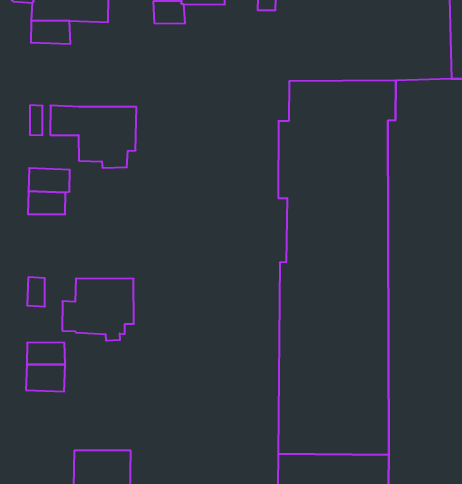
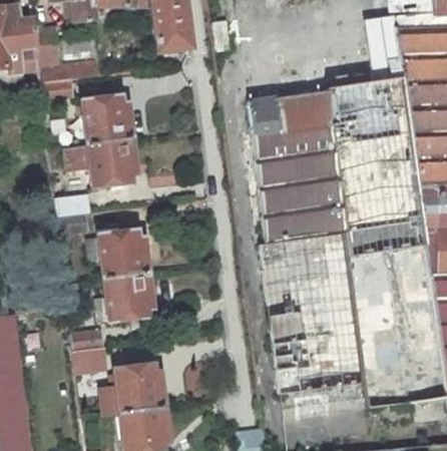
building: none -> [81,95,131,143]
building: none -> [87,218,147,278]
building: none -> [101,364,163,414]

